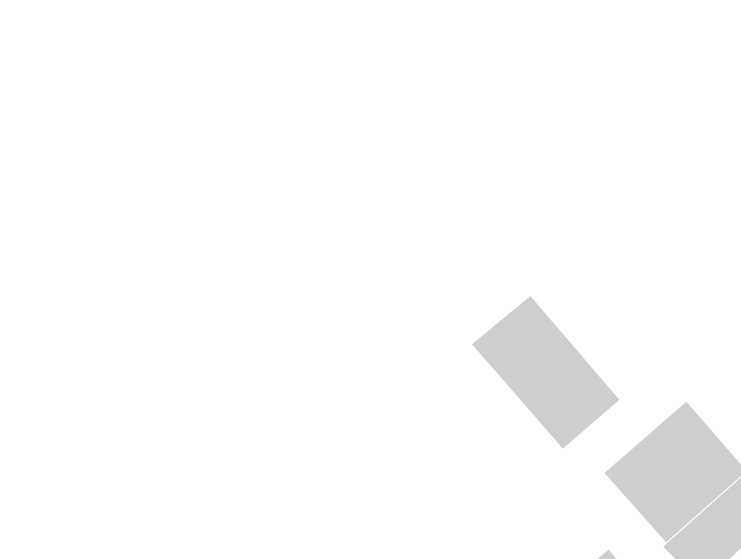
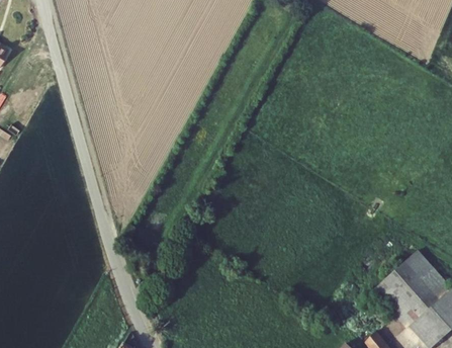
building: [471,295,620,450] -> none

